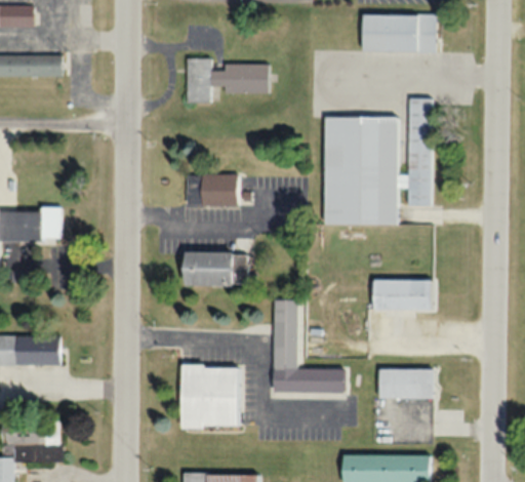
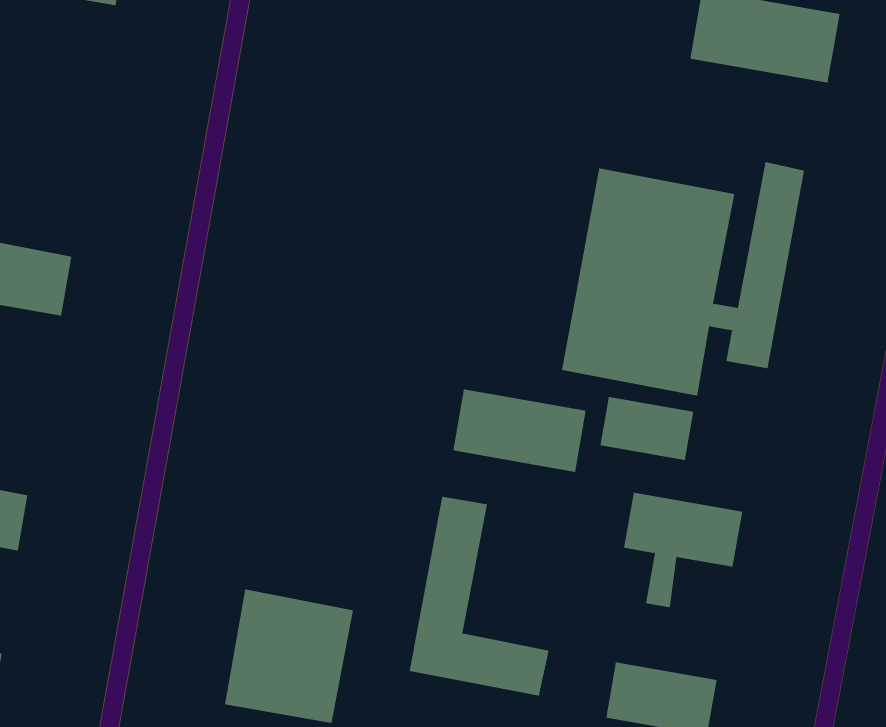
building: [188,58,269,103] -> none
building: [186,174,239,204] -> none
building: none -> [600,396,694,461]
building: [183,252,248,285] -> [452,389,587,472]

